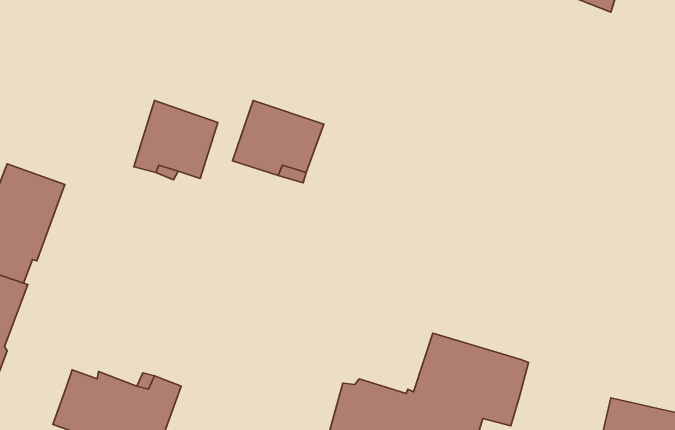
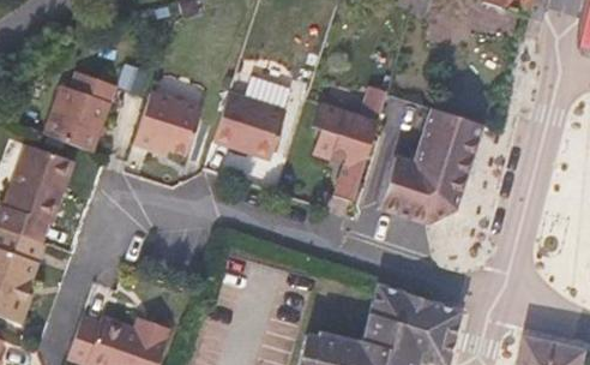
building: none -> [42,71,118,151]
building: none -> [315,104,380,203]
building: none -> [381,108,484,225]

